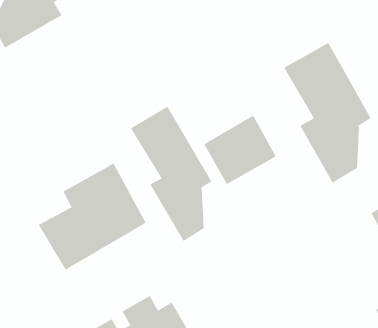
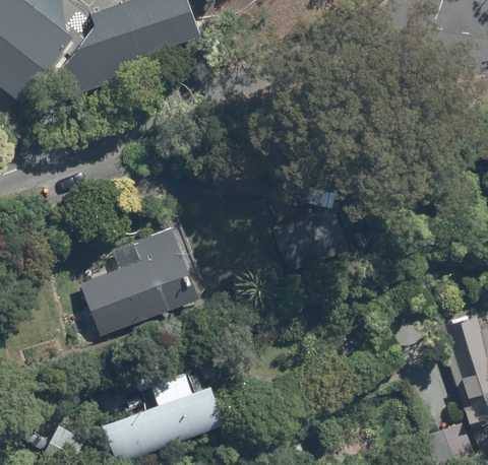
building: [283,42,372,184] -> none
building: [130,106,212,242] -> none

